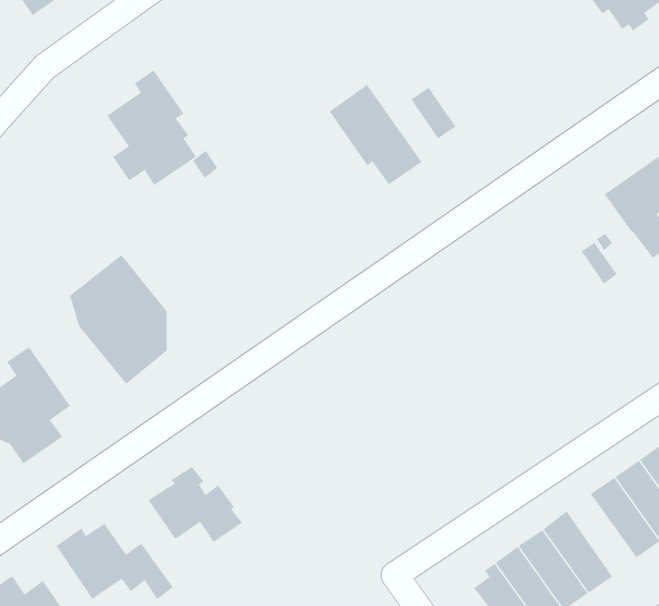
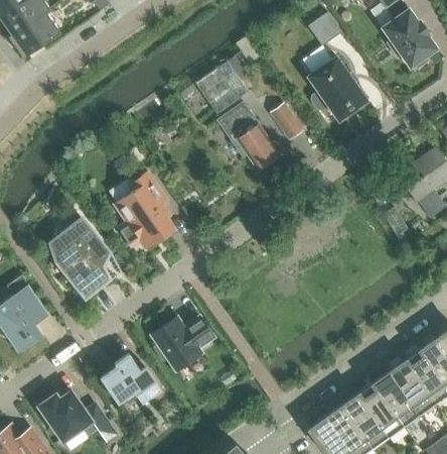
building: none -> [307,55,367,121]
building: none -> [194,61,248,114]
building: [106,69,197,186] -> [115,172,174,248]
building: none -> [151,316,213,369]
building: none -> [374,371,419,426]

